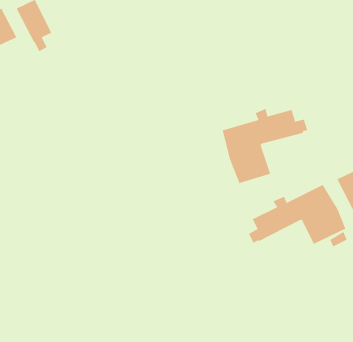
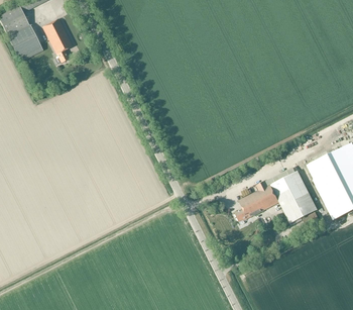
building: [222,108,308,184] -> none

